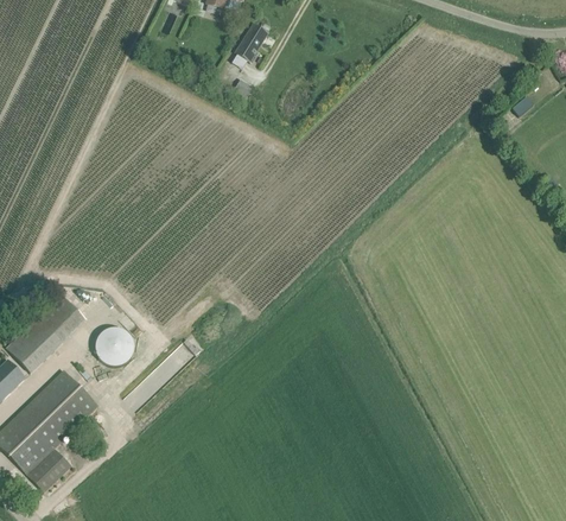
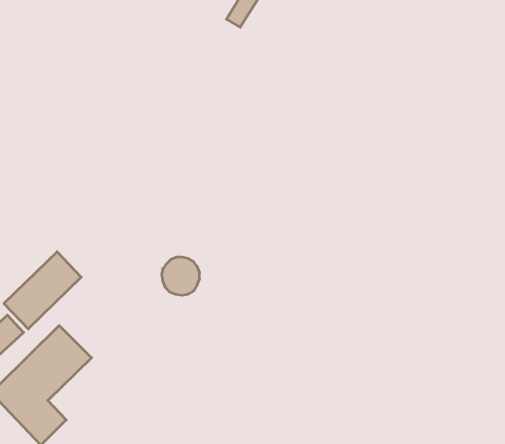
building: [95,324,134,363] -> [162,257,200,295]

